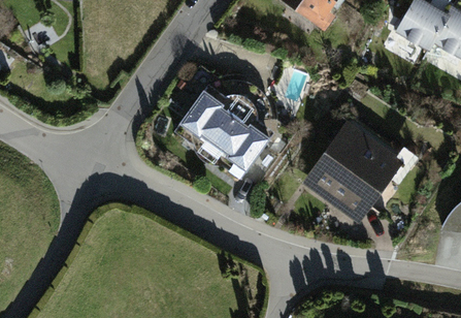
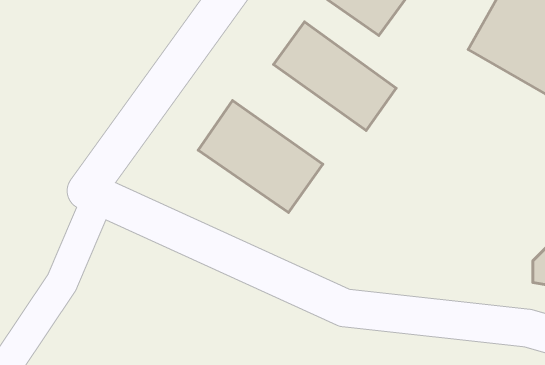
building: none -> [273,22,396,131]
building: [308,123,407,222] -> none

